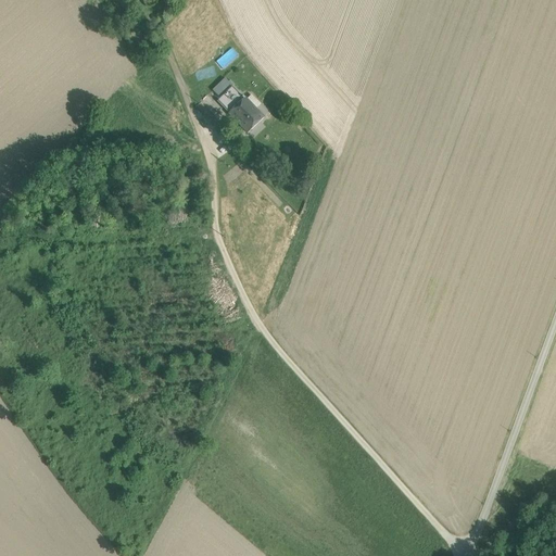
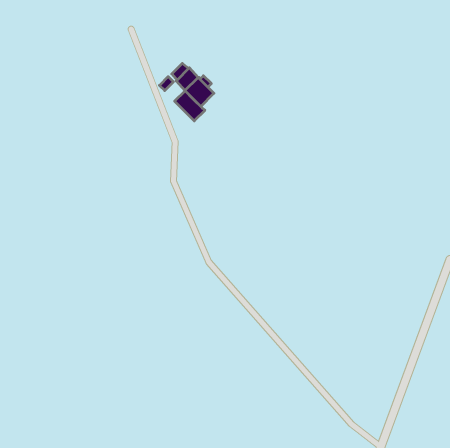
building: none -> [175,91,205,121]

